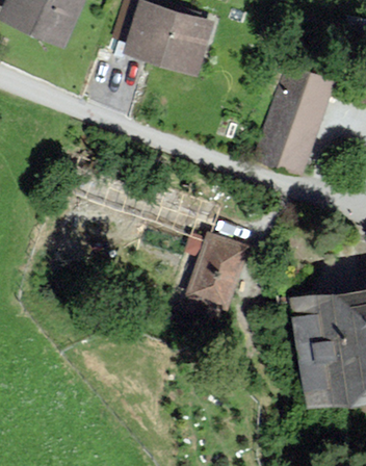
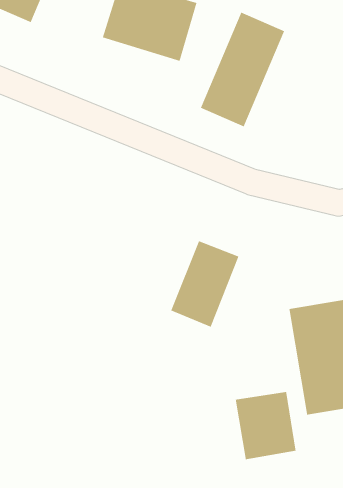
building: [254,69,332,175] -> [200,11,285,127]
building: none -> [235,391,296,460]

